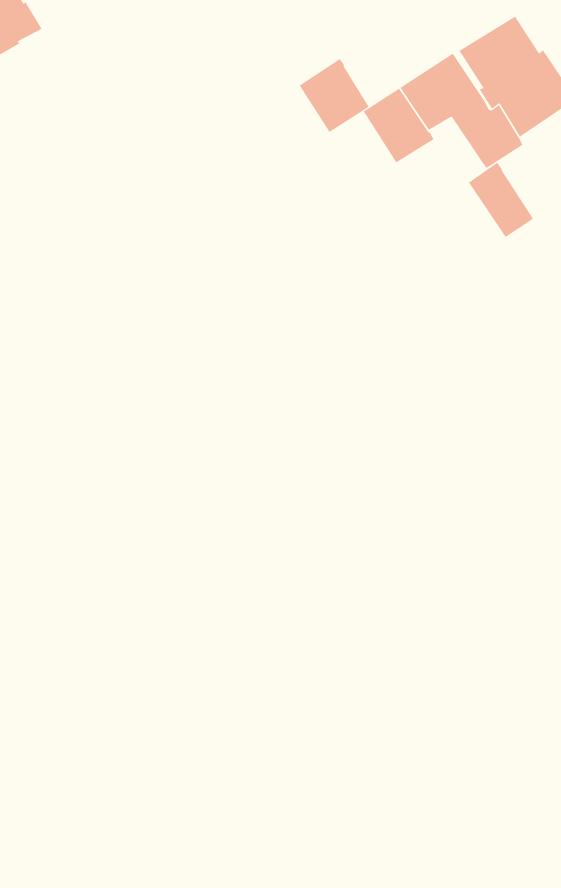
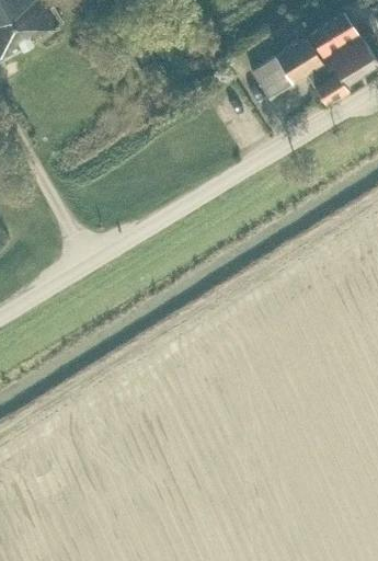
building: [299,58,370,133] -> none
building: [468,162,534,238] -> none

